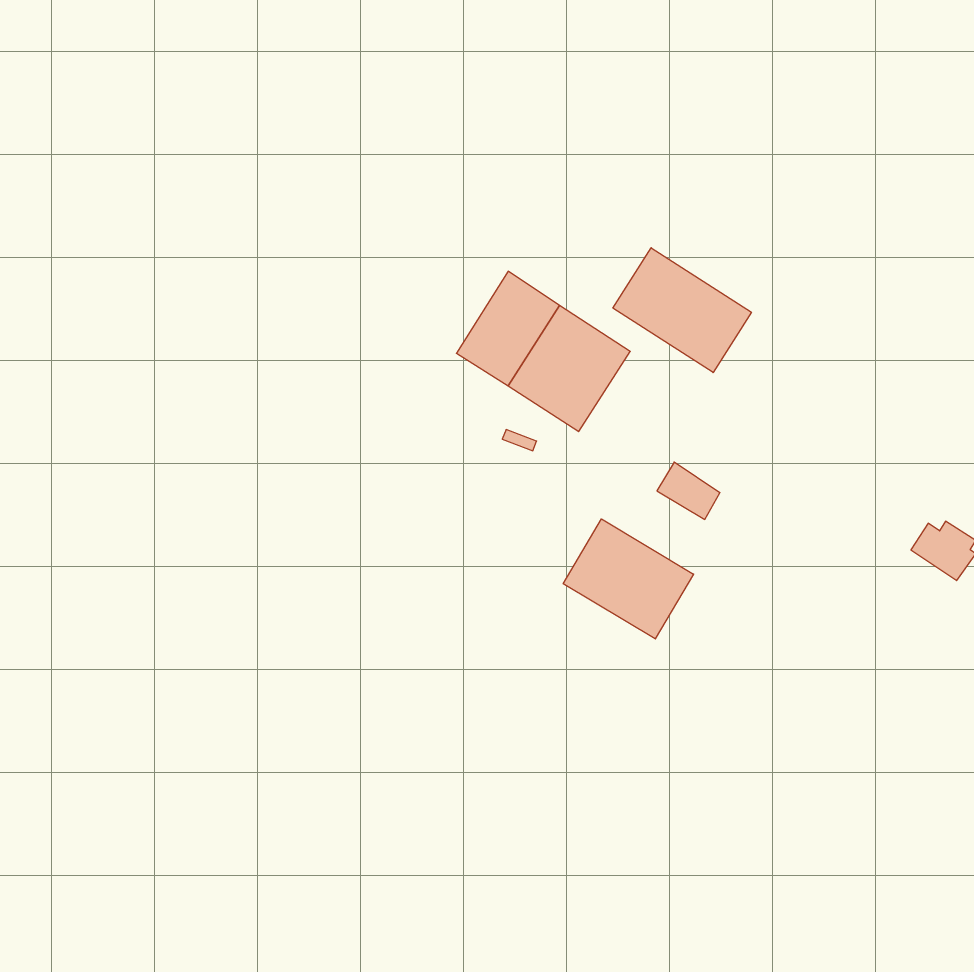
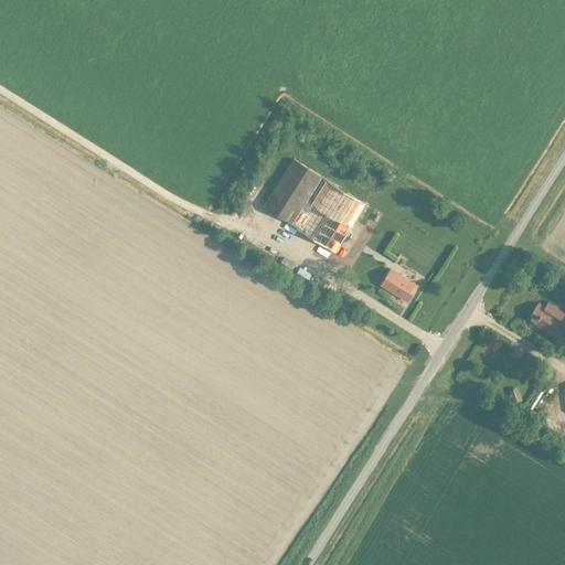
building: [613,248,751,373] -> none
building: [563,519,694,639] -> none

